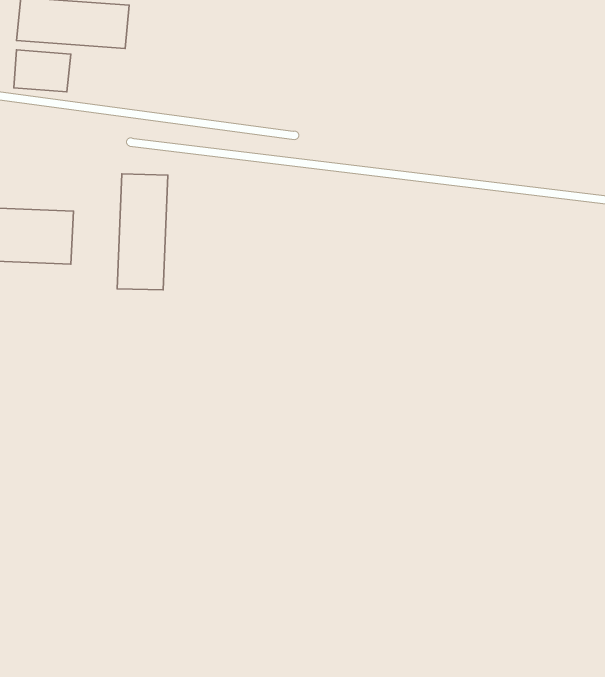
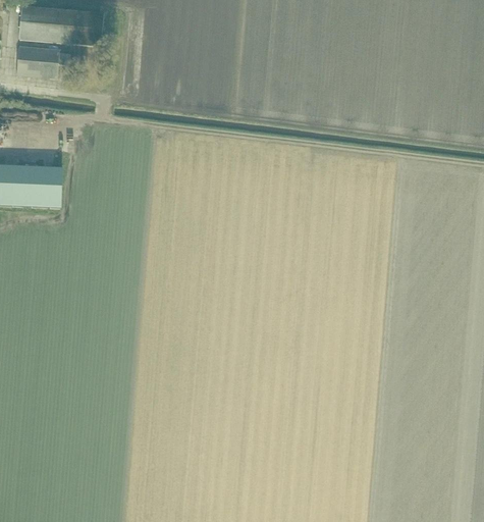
building: [117,174,168,290] -> none

